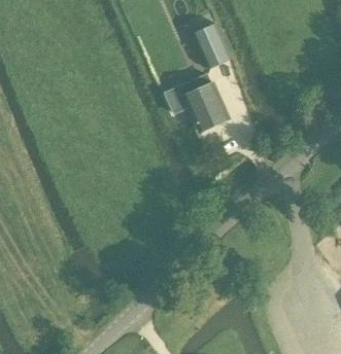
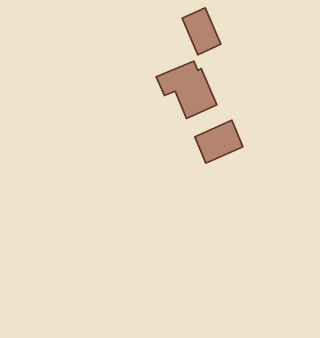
building: none -> [195,120,243,163]

